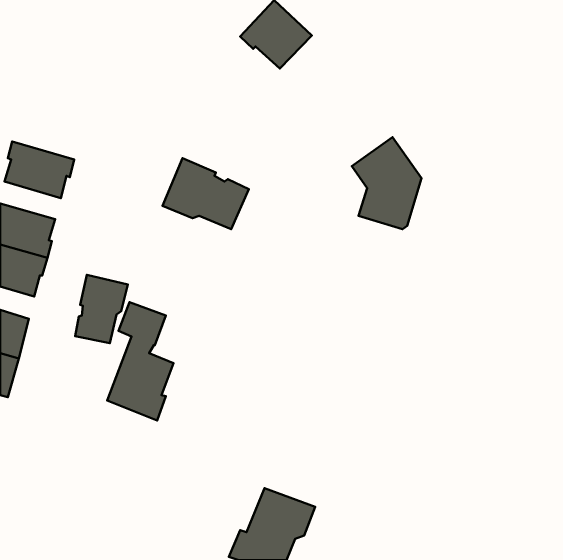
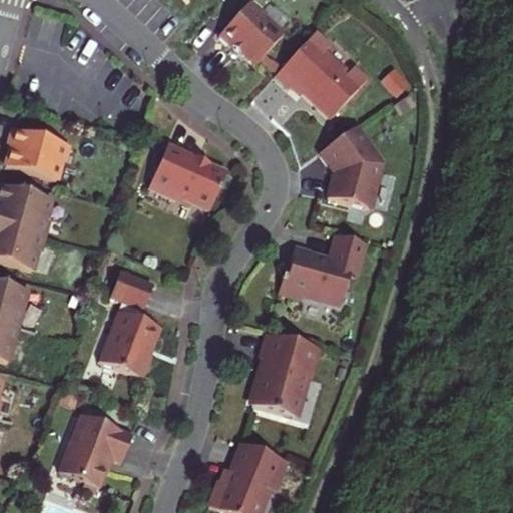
building: none -> [275,30,367,116]
building: none -> [279,233,366,303]
building: [75,275,128,343] -> none
building: none -> [253,332,320,415]
building: none -> [57,417,130,489]

